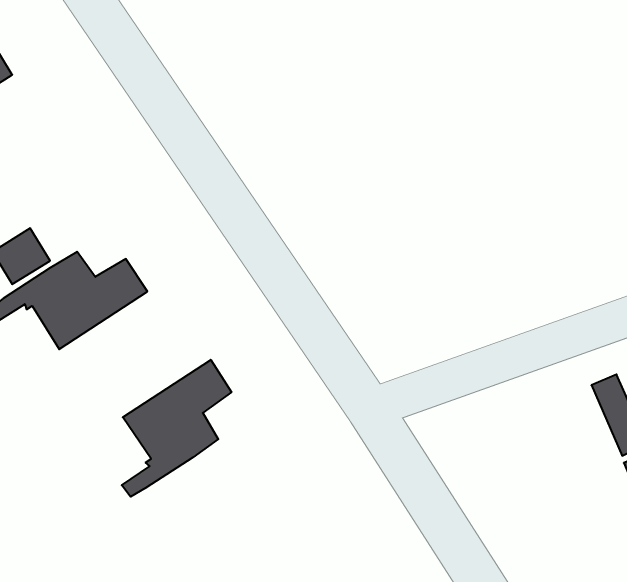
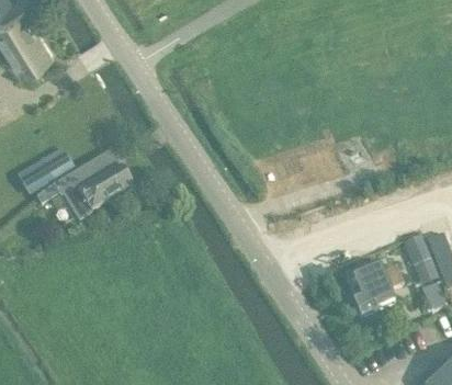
building: [122,360,231,497] -> none
building: none -> [346,262,403,316]

